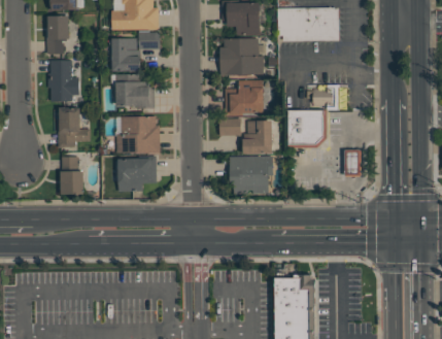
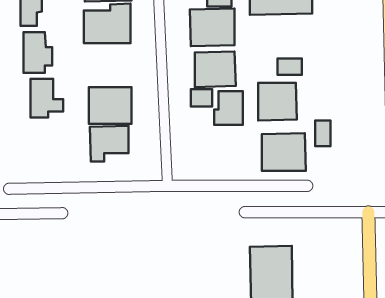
building: [115,74,154,109] -> none
building: [229,156,273,194] -> [262,133,306,171]
building: [59,157,83,196] -> none

